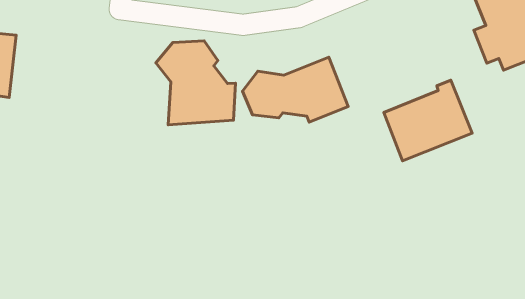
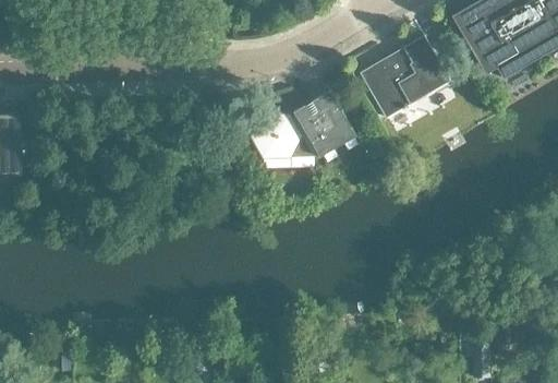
building: [156,41,235,125] -> none
building: [384,80,472,161] -> [361,32,450,118]

